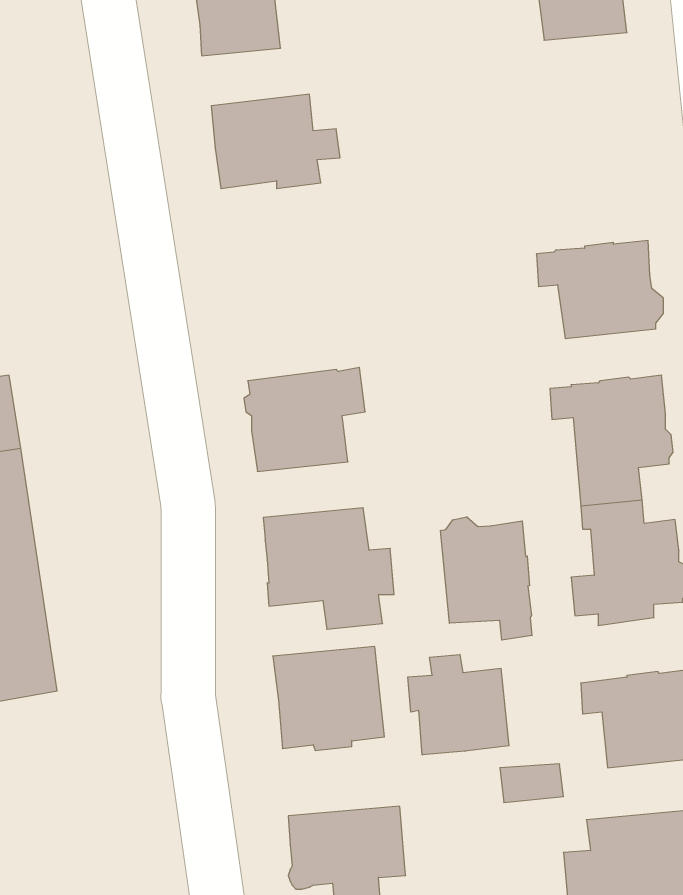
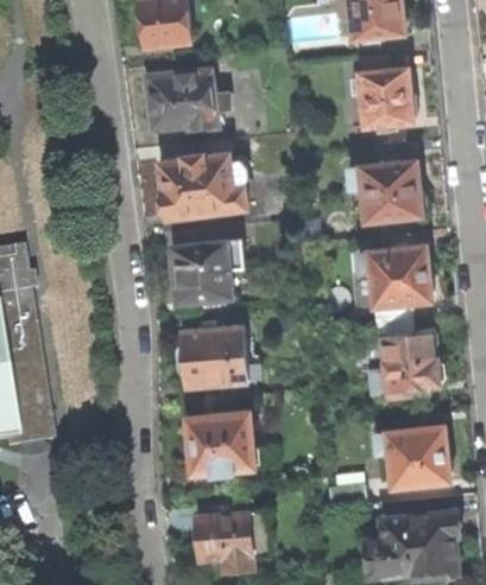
building: none -> [358,55,416,132]
building: none -> [158,154,246,220]
building: [441,517,532,640] -> none
building: [408,654,509,755] -> none

